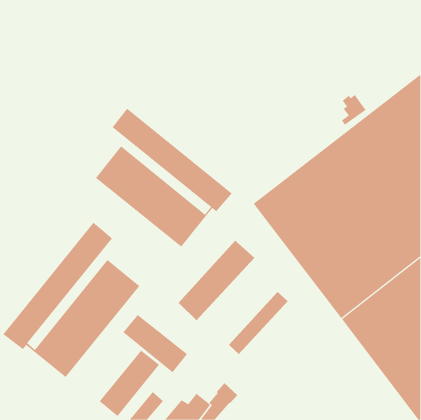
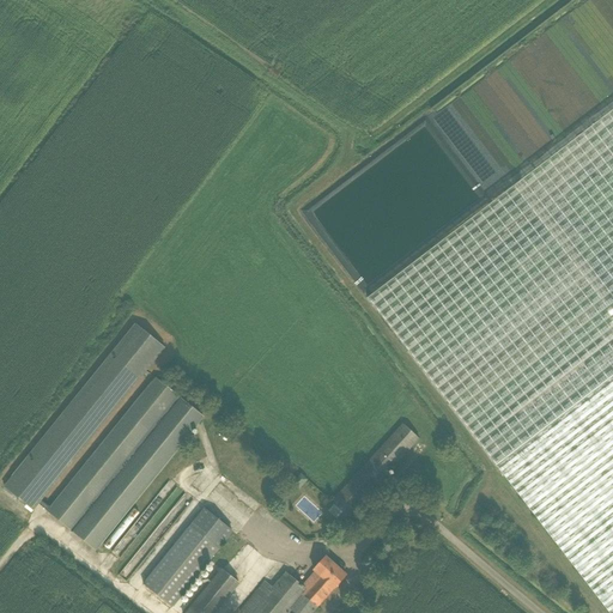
building: [95,108,232,248] -> none
building: [178,240,255,321] -> none
building: [122,314,188,373] -> none

